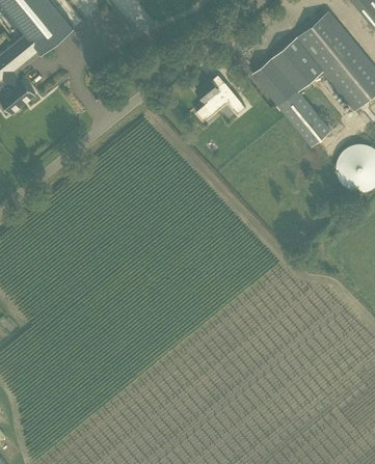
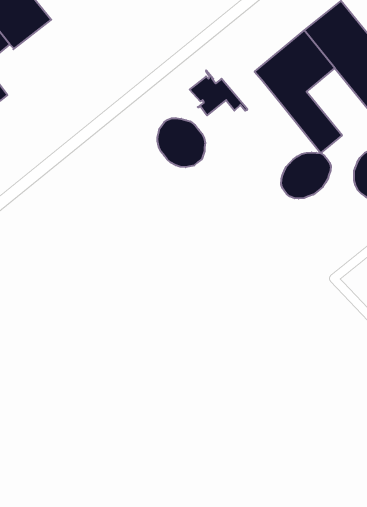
building: none -> [158,118,205,167]
building: none -> [281,152,331,199]

